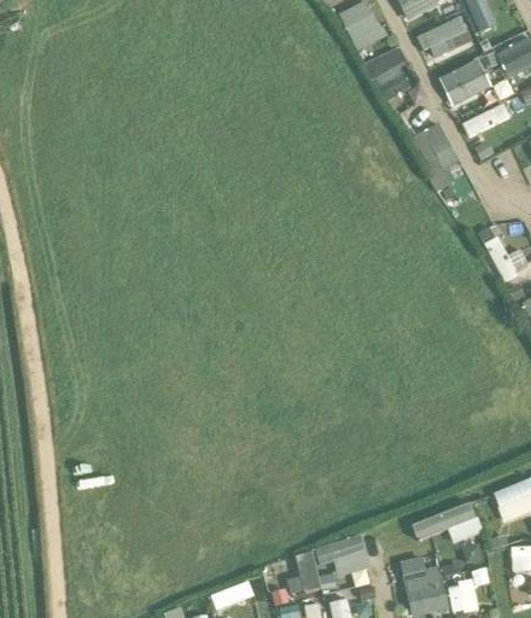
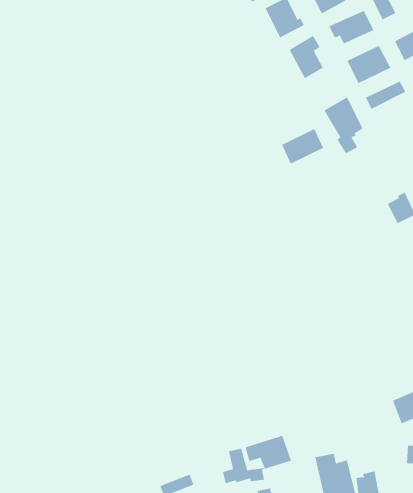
building: none -> [282,128,324,165]
building: [412,501,483,542] -> none

